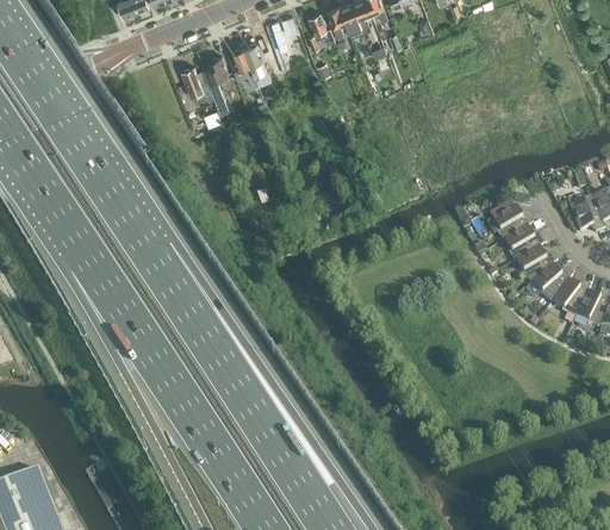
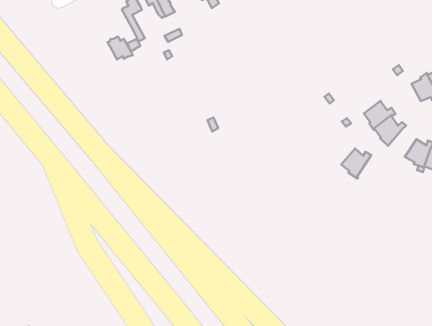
building: [181,67,212,96] -> [108,37,133,60]
building: [490,201,534,241] -> none
building: [533,264,573,304] -> [341,148,371,178]

